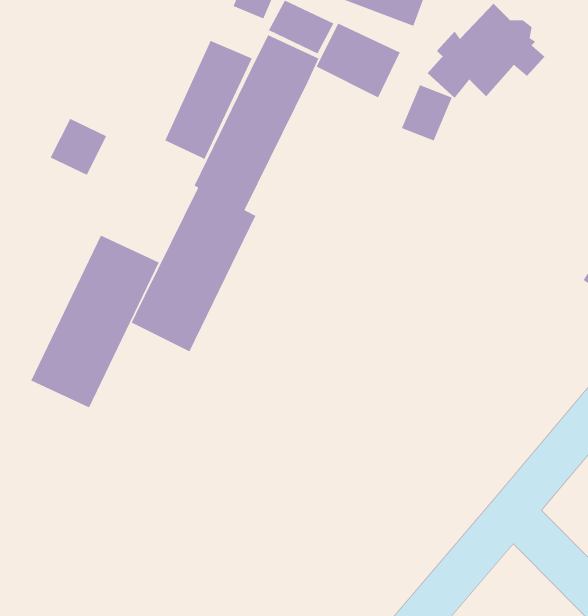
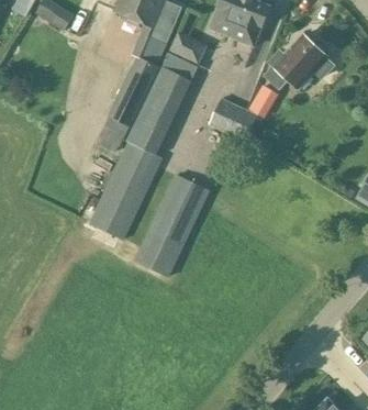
building: [316,23,401,98] -> [208,97,258,142]
building: [50,118,107,176] -> none
building: [30,235,160,408] -> [133,174,210,277]

